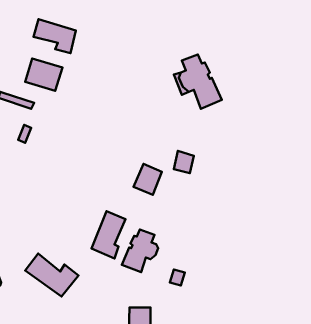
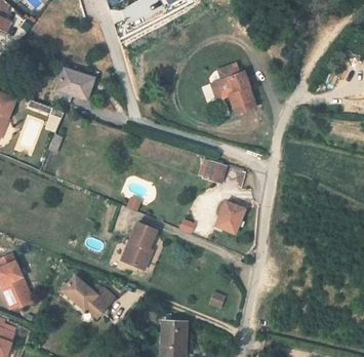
building: [34,19,76,53] -> none
building: [134,164,162,195] -> [218,201,247,233]
building: [122,230,158,272] -> none

